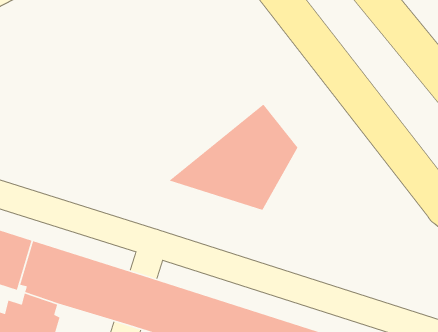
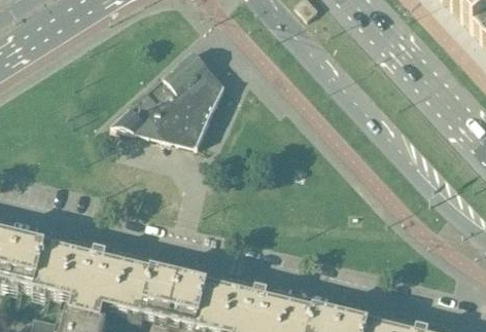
building: [168,103,299,211] -> [111,43,225,139]

